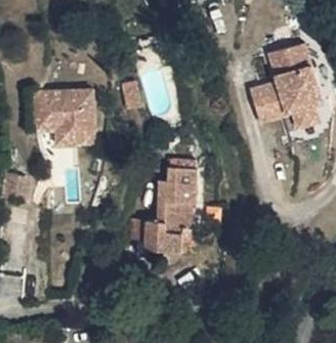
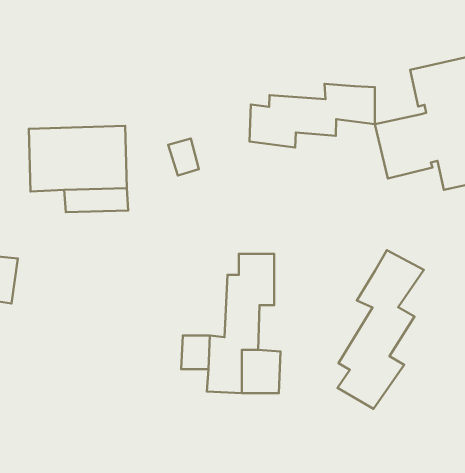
building: none -> [249,84,375,147]
building: none -> [338,250,424,409]

